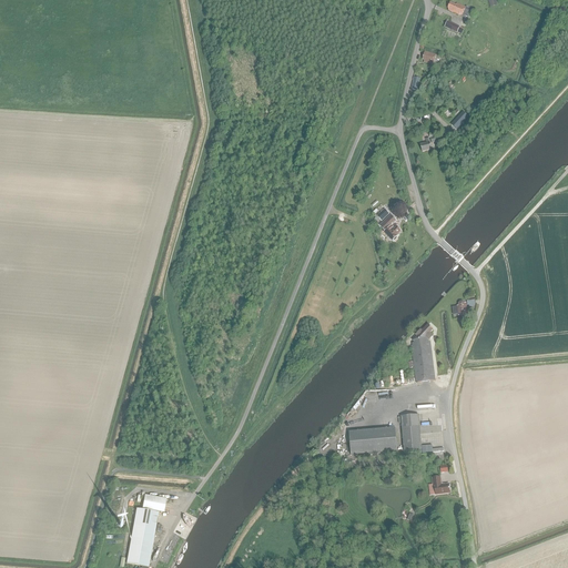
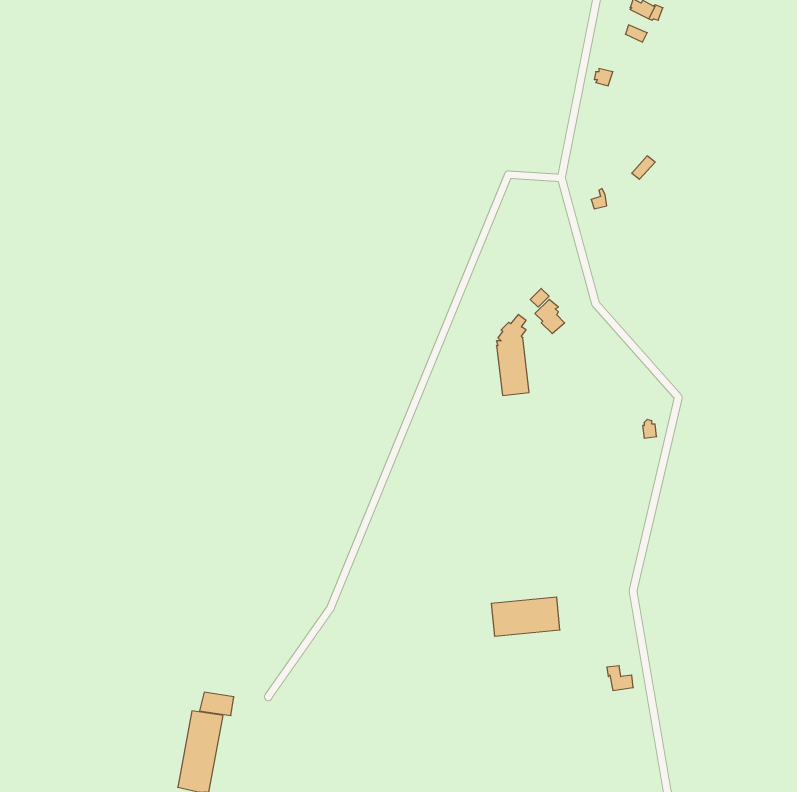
building: [412,322,435,379] -> [496,314,529,395]
building: [400,412,422,447] -> none

